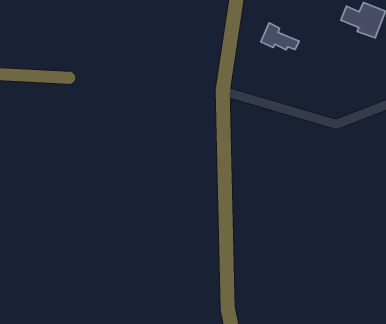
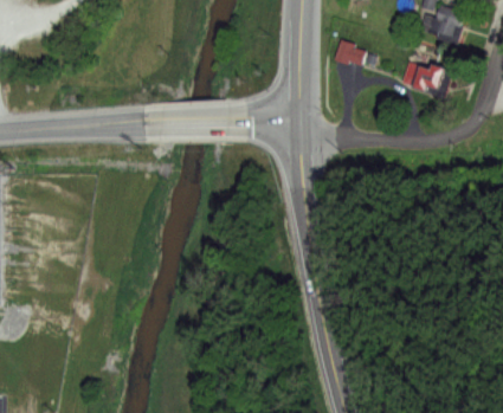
building: none -> [395,60,446,93]

